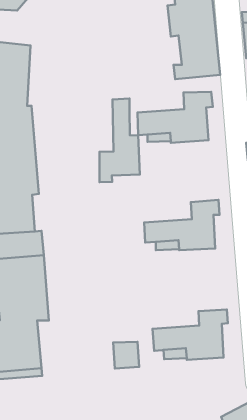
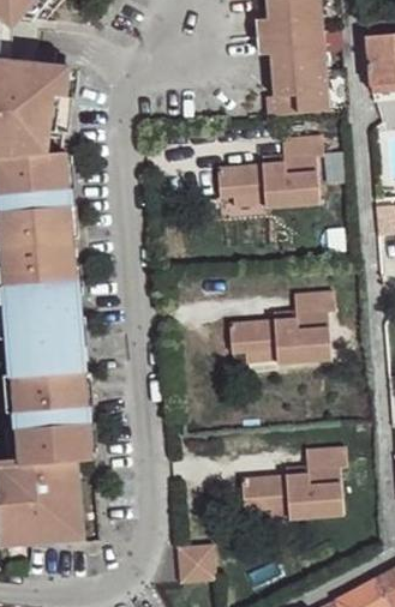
building: [99,99,140,182] -> none
building: [113,342,139,368] -> [176,545,214,583]

